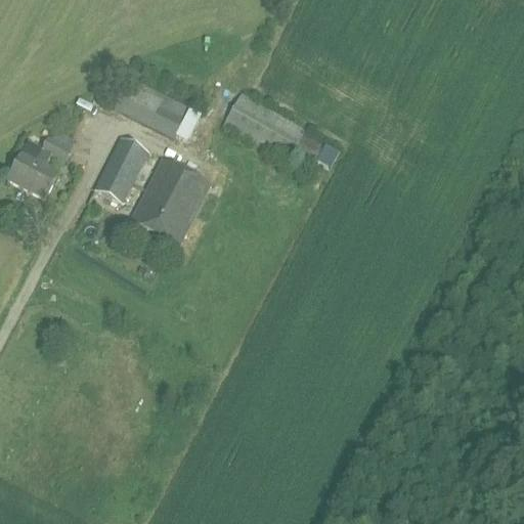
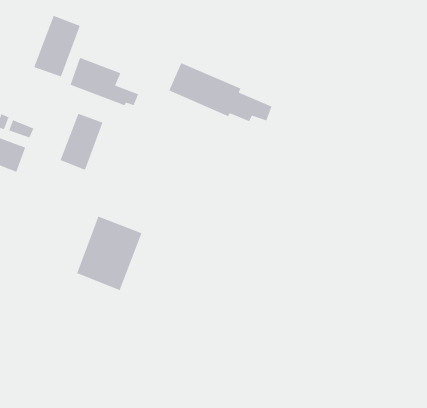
building: none -> [33,15,81,78]
building: [130,159,209,246] -> [76,215,143,291]

